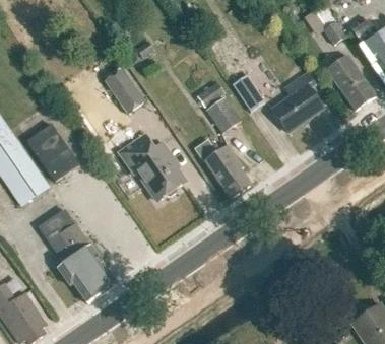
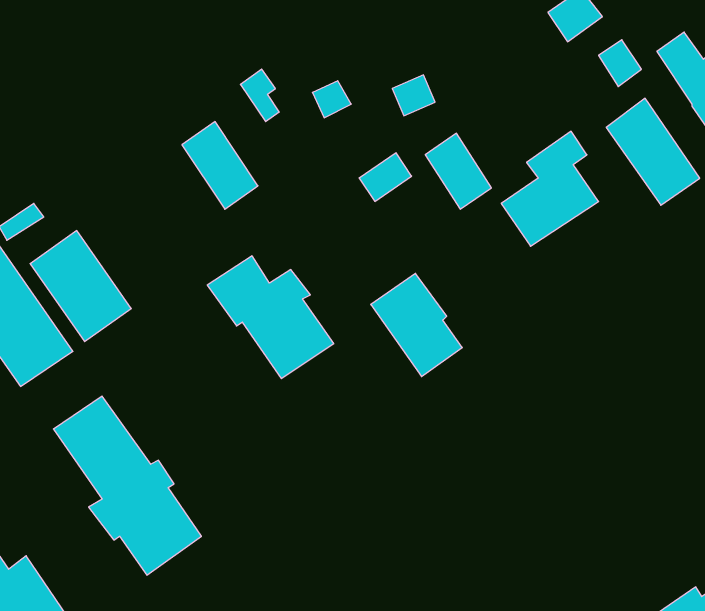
building: [207,96,242,133] -> none

